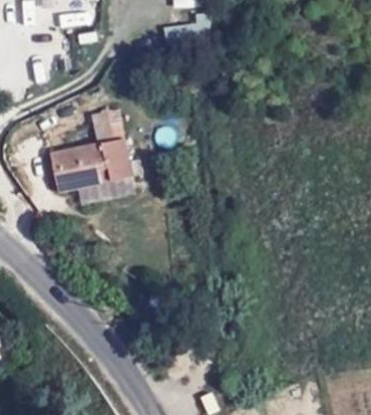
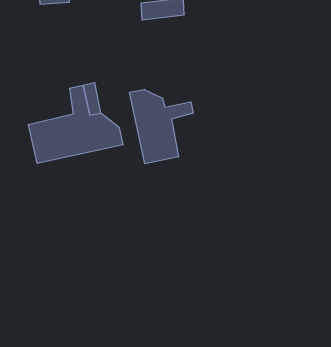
building: none -> [130,89,193,164]

